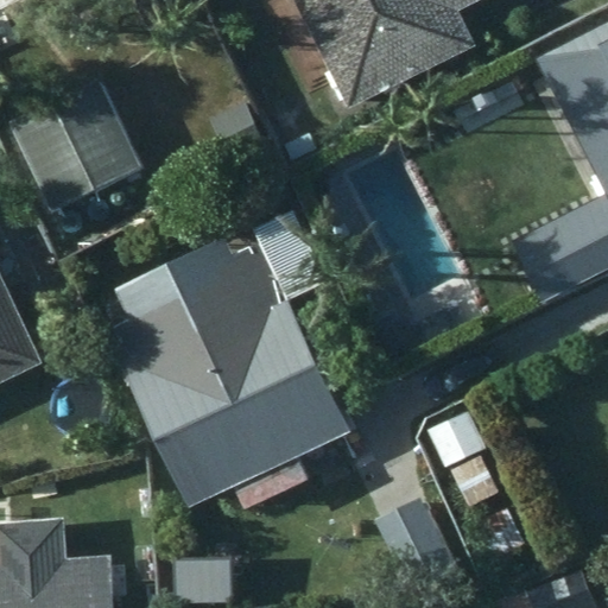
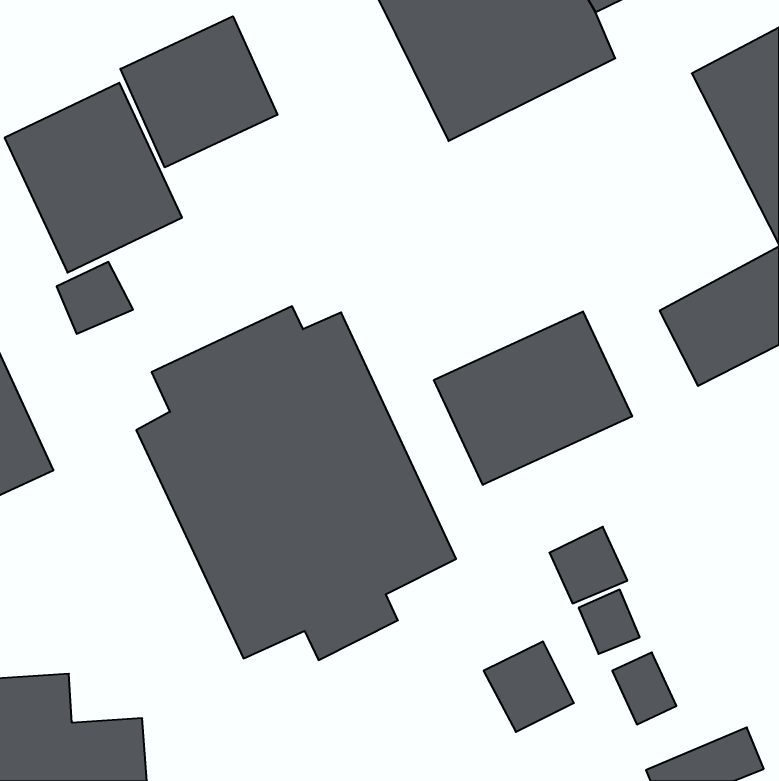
building: none -> [120,16,277,167]
building: none -> [434,311,632,485]

